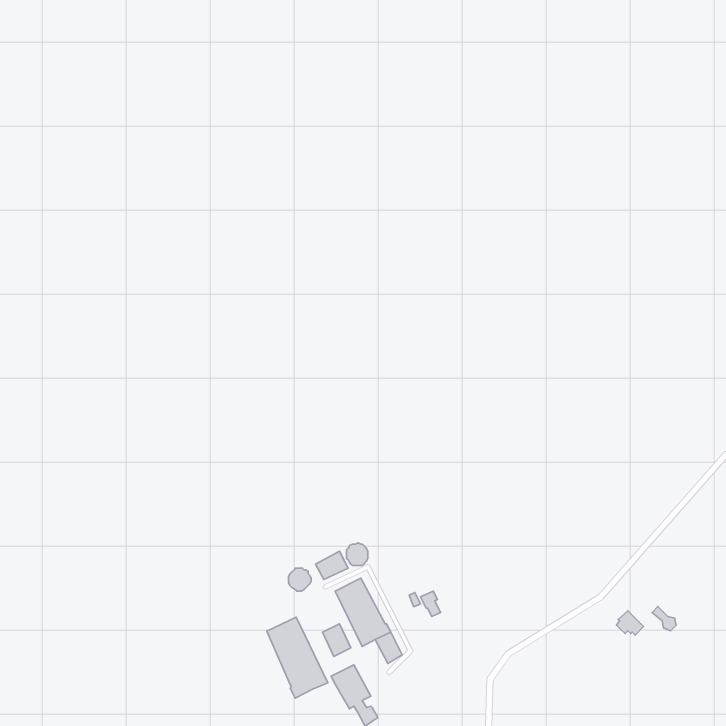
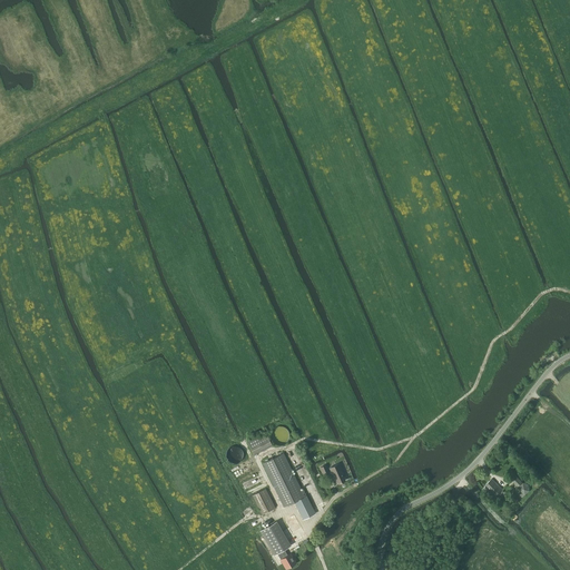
building: [267,617,328,698] -> none

